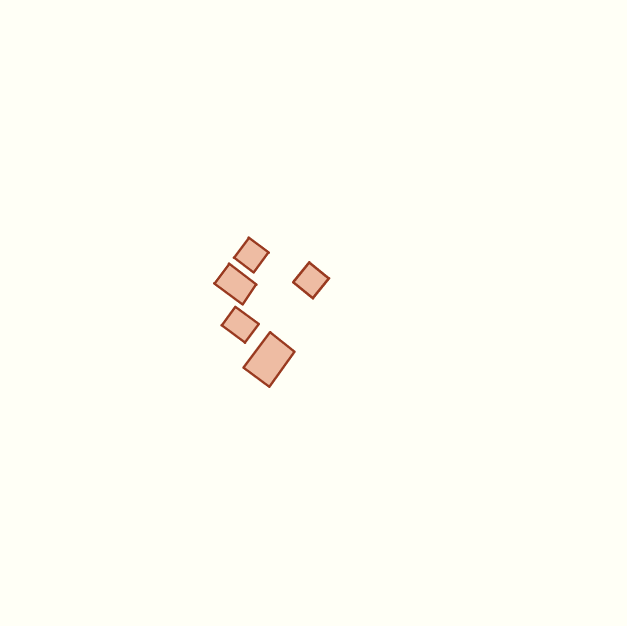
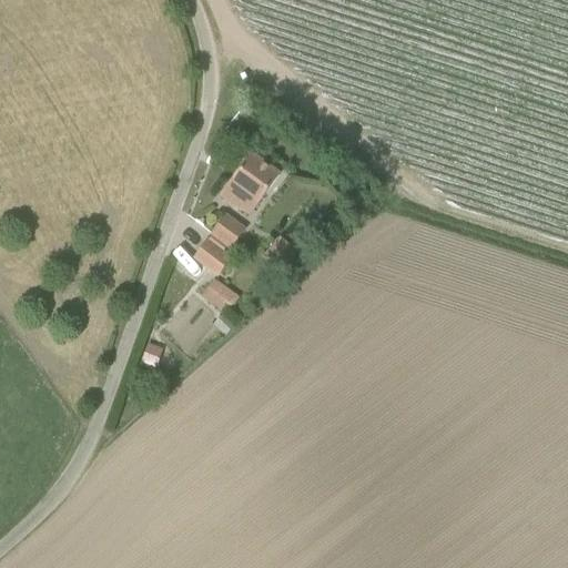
building: none -> [229,153,277,212]
building: [244,332,294,387] -> none

